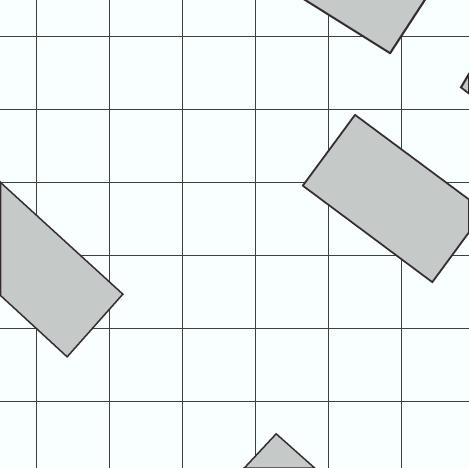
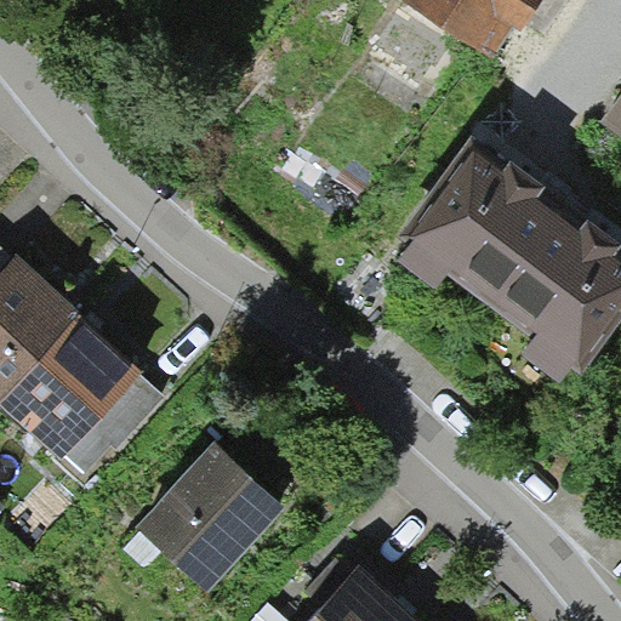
building: none -> [138,454,277,594]

